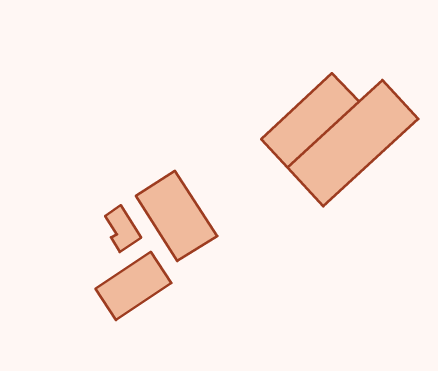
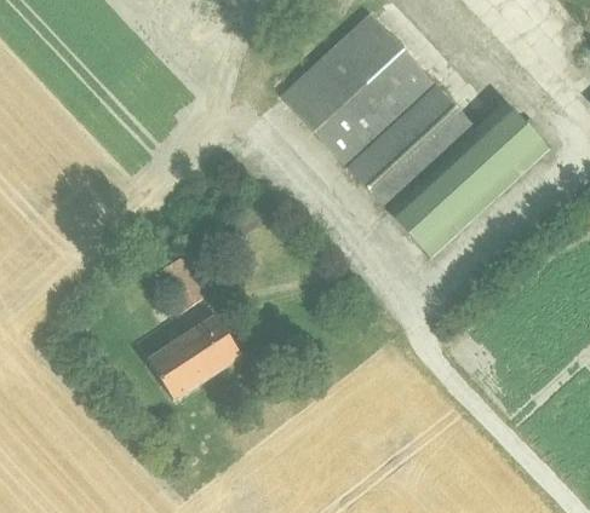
building: none -> [281,13,442,174]
building: [136,171,217,261] -> none

